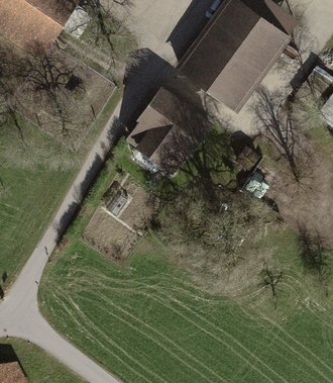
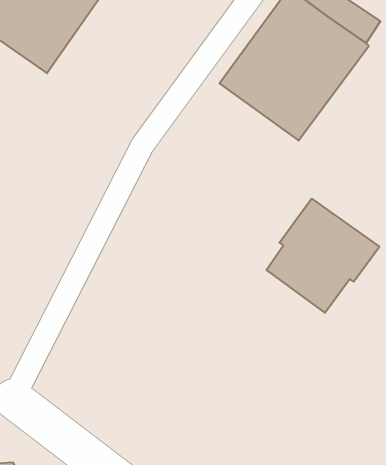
building: [124,85,212,174] -> [266,199,379,313]

